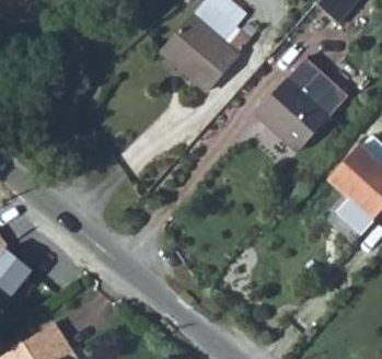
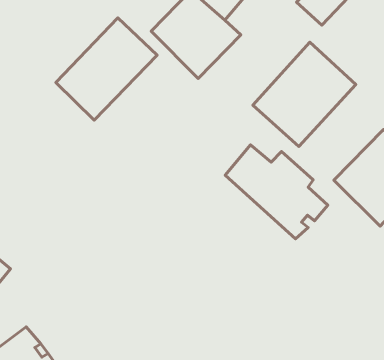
building: none -> [56,18,157,120]
building: none -> [225,145,328,239]

